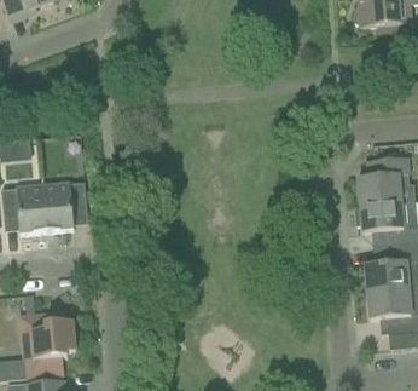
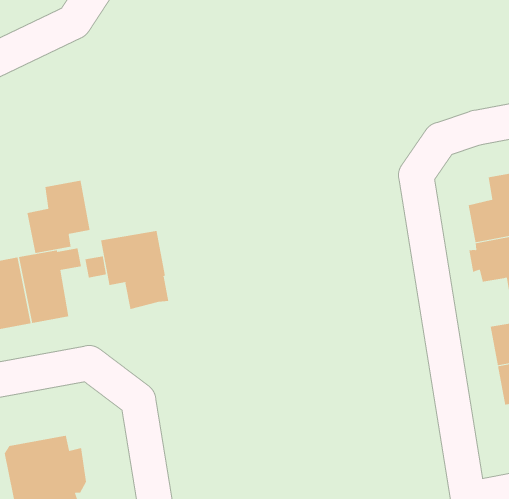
building: none -> [27,180,90,254]
building: none -> [100,230,169,310]

